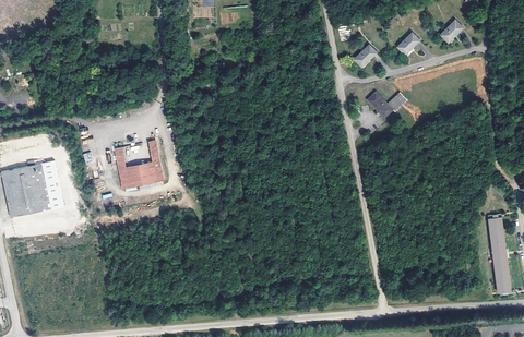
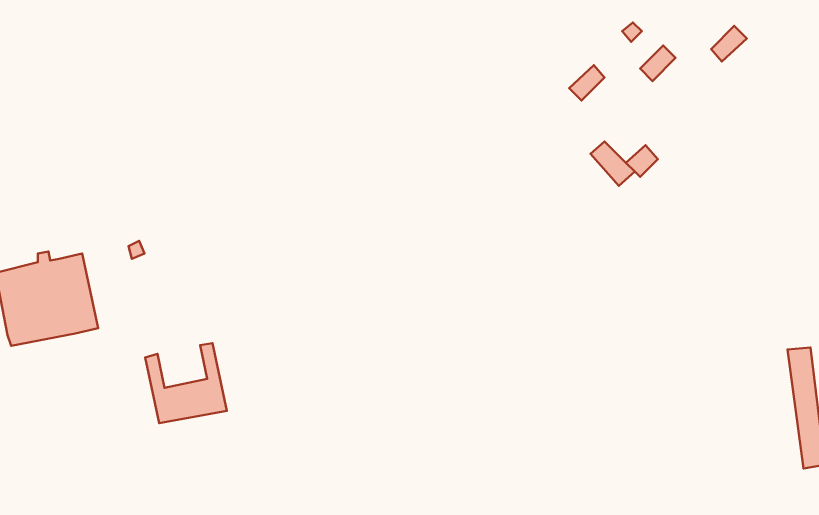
building: [112,139,163,188] -> [145,343,227,423]

